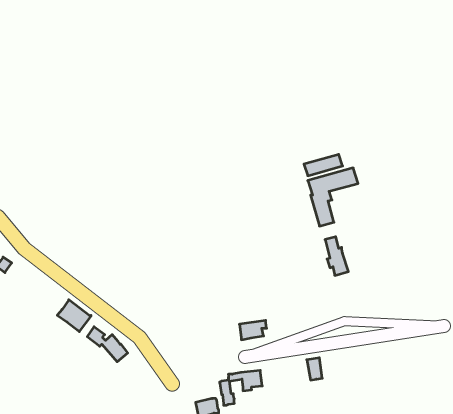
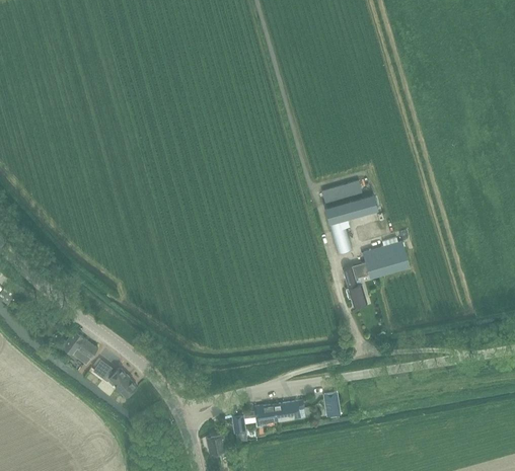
building: none -> [354,238,409,279]
building: [239,320,267,340] -> [275,402,303,422]

